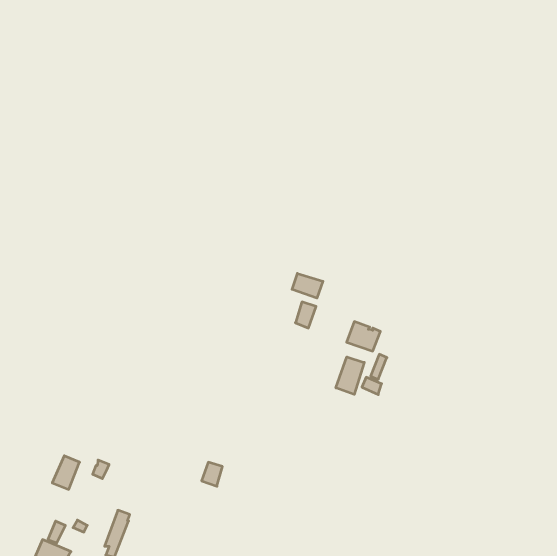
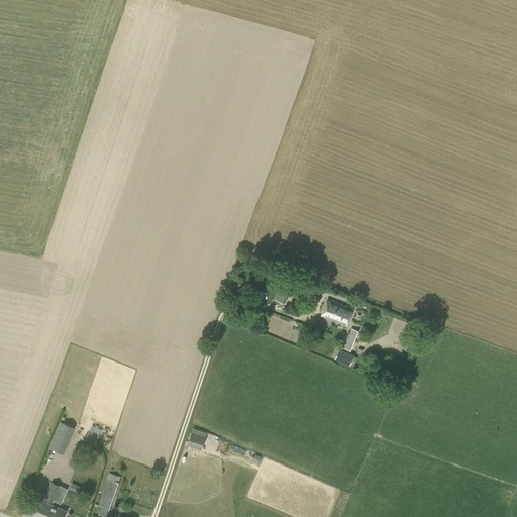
building: [292,273,323,298] -> none
building: [336,357,364,394] -> none

